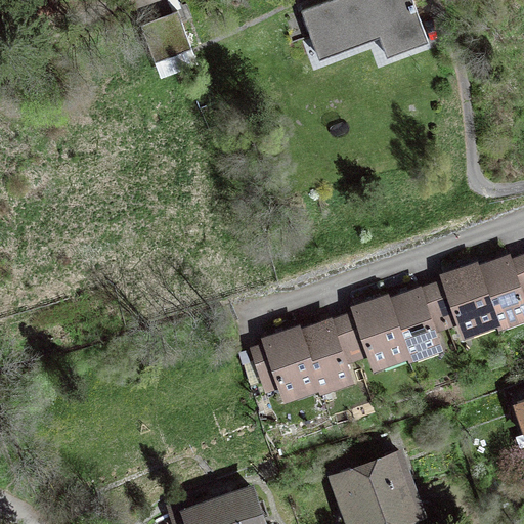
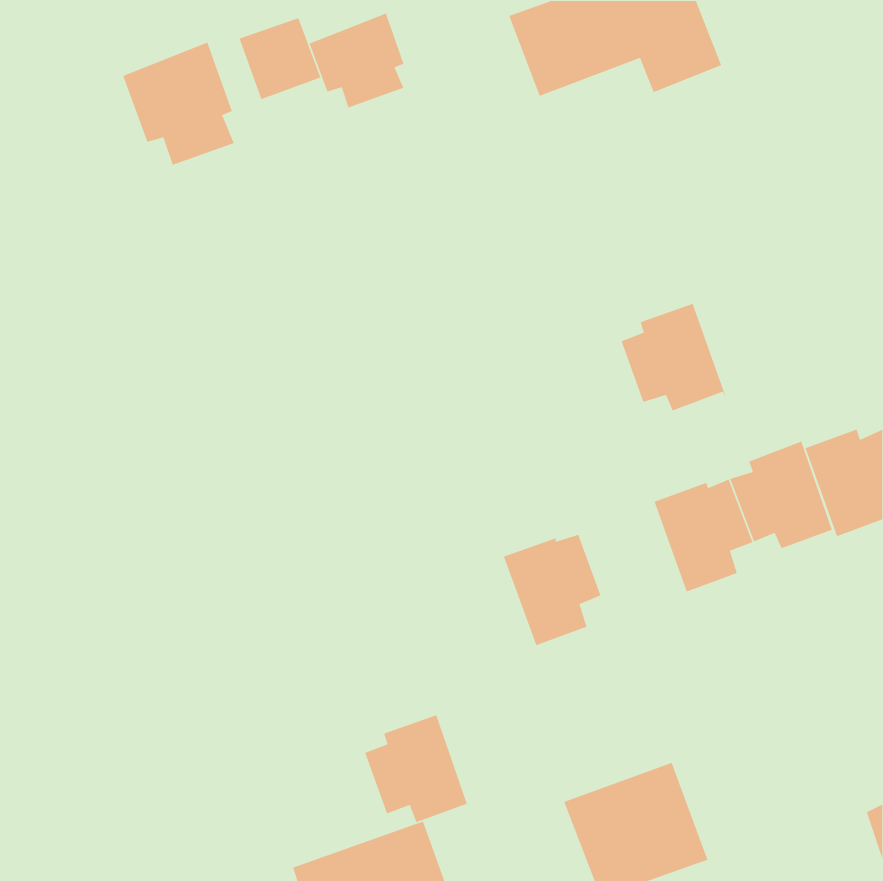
building: none -> [309,13,405,109]
building: none -> [122,41,235,166]
building: [343,295,406,359] -> [620,303,728,412]
building: [254,326,315,391] -> [364,714,468,823]

